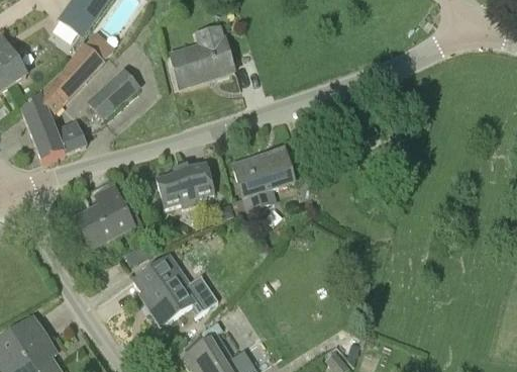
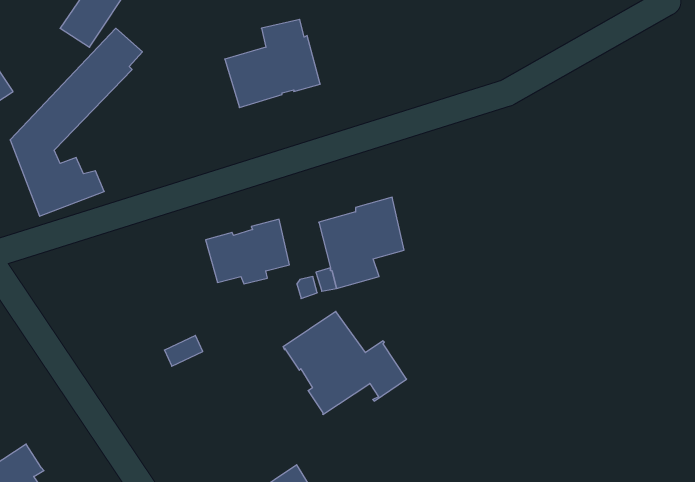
building: [88,68,143,121] -> none
building: [75,178,134,246] -> none
building: [132,253,217,323] -> [283,311,407,414]

